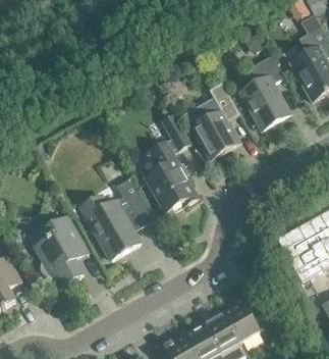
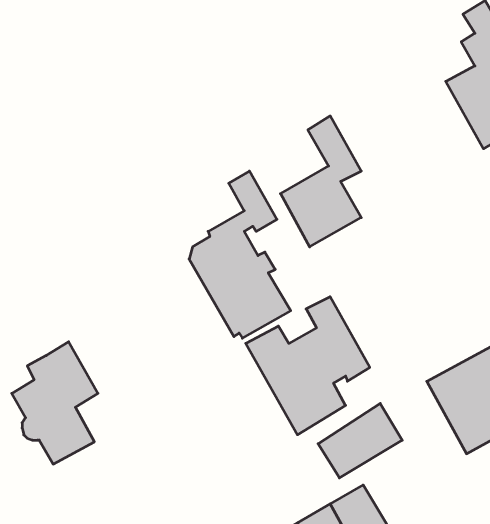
building: [241,55,289,130] -> none
building: [80,178,154,260] -> [246,297,370,435]
building: none -> [318,403,402,478]

